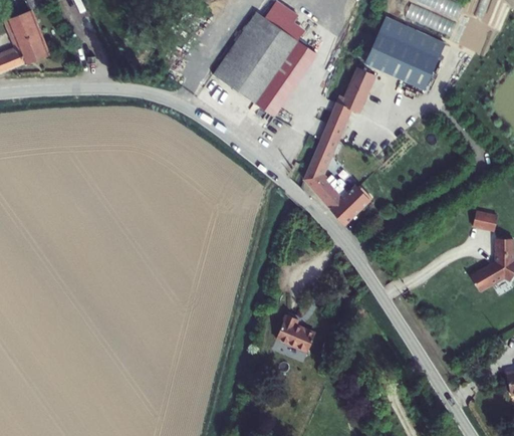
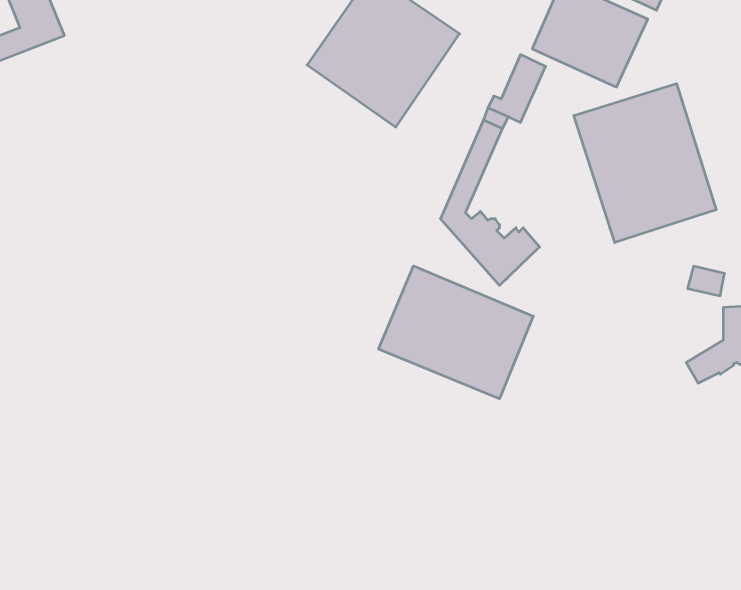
building: none -> [574,84,716,243]
building: none -> [379,266,533,399]
building: [276,314,315,352] -> none

